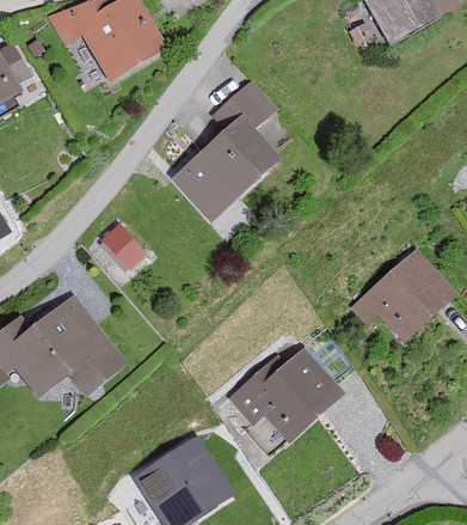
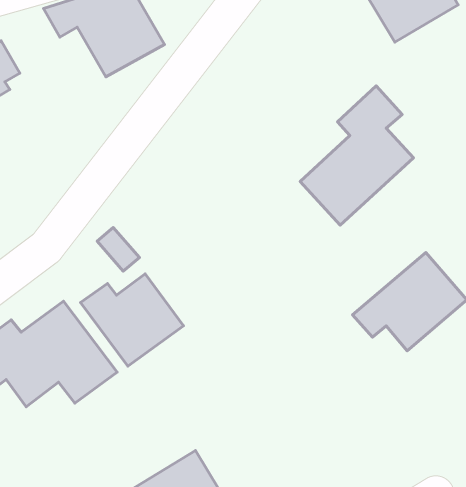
building: [170,88,278,222] -> [300,86,414,225]
building: none -> [81,274,184,366]
building: [229,349,344,442] -> none

